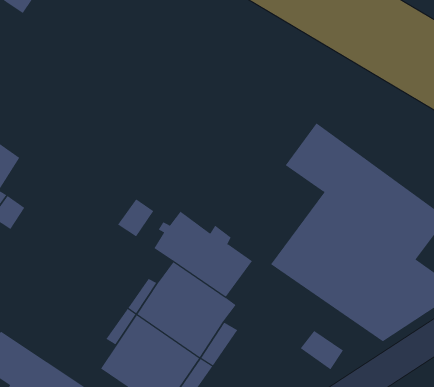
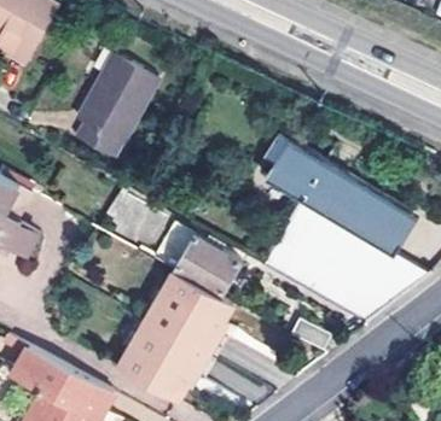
building: none -> [71,52,156,157]

